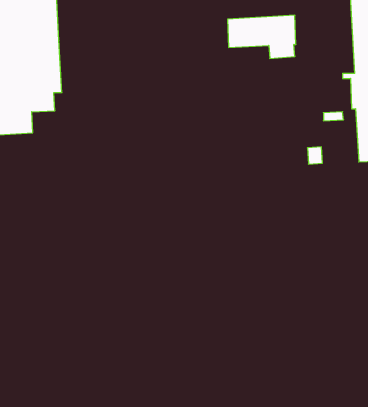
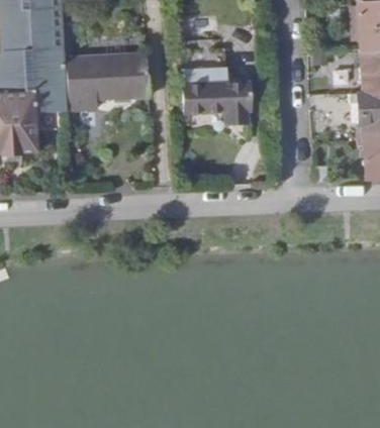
building: [228,15,296,58] -> [183,80,252,123]
building: none -> [65,51,150,109]

